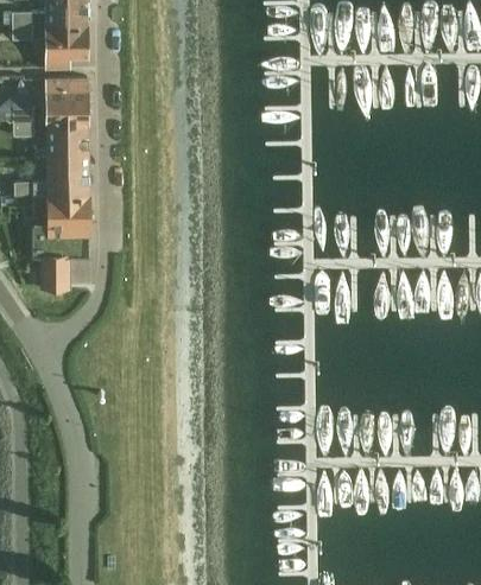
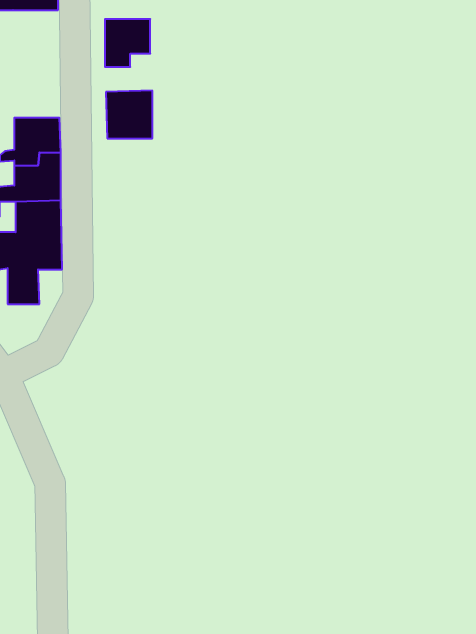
building: [45,23,86,65] -> [105,19,150,67]
building: [45,76,87,119] -> [106,91,152,138]

